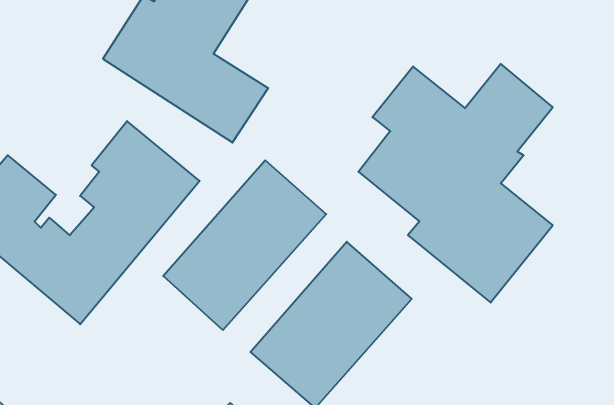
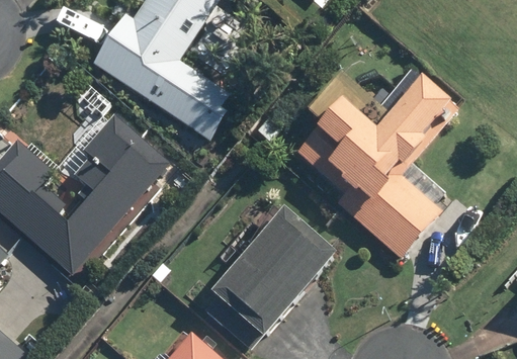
building: [163,160,326,330] -> none

